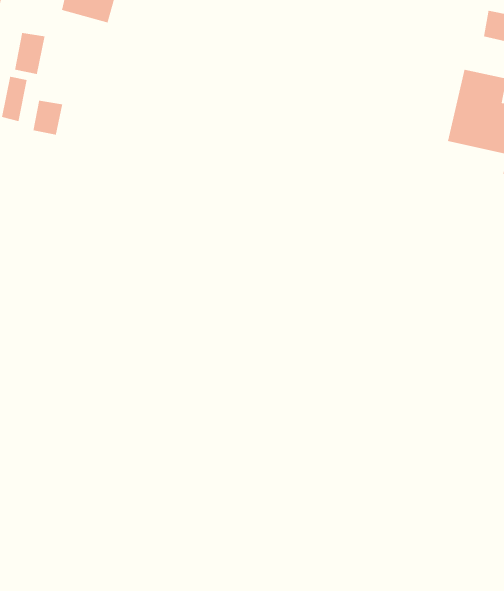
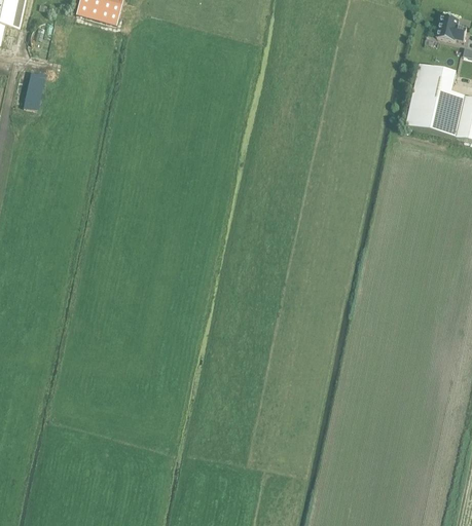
building: [15,32,45,75] -> none
building: [33,100,63,136] -> none

